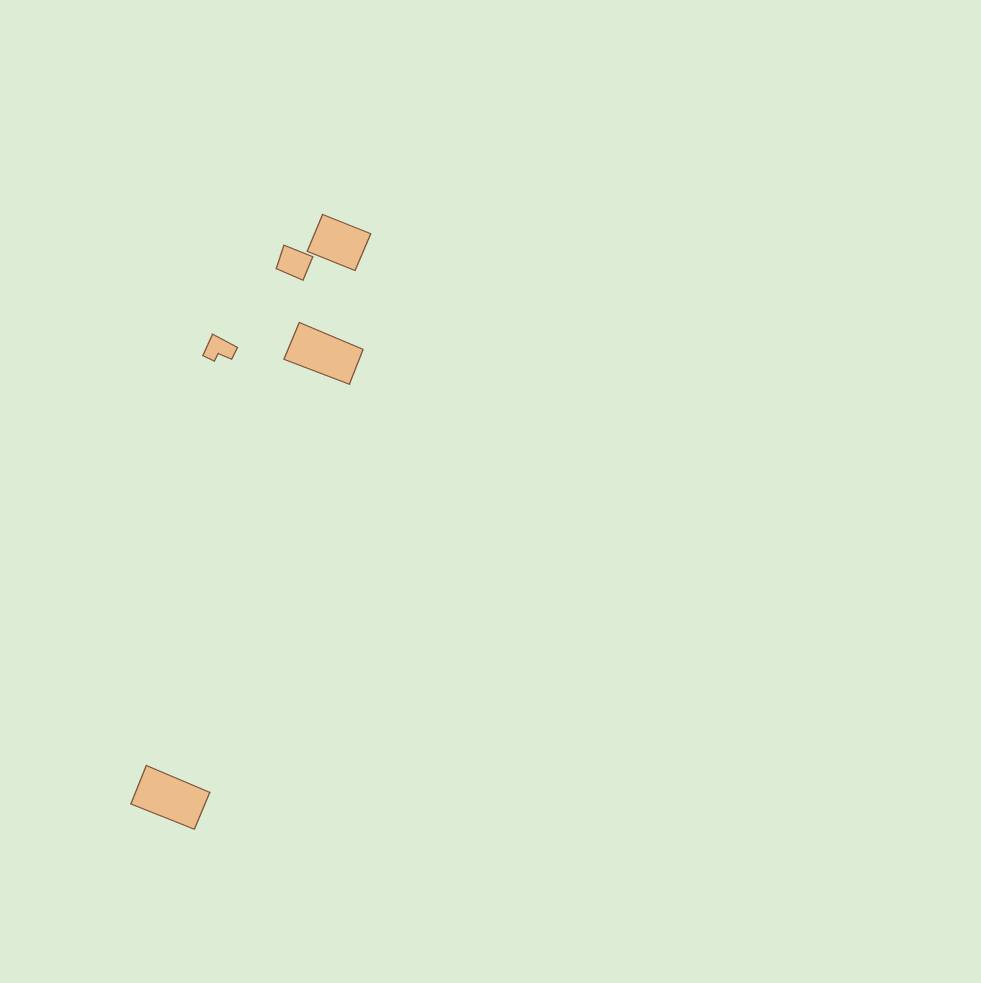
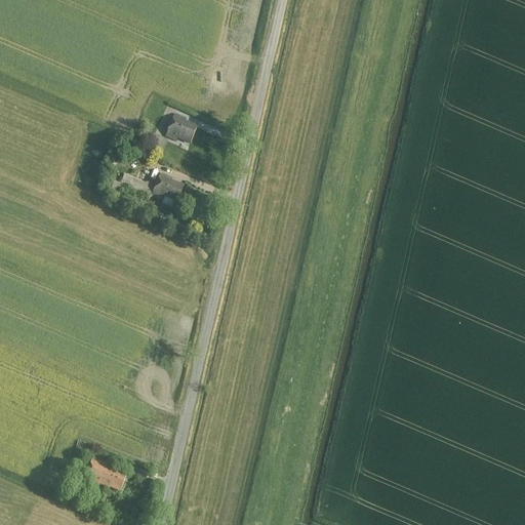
building: [131,765,210,829] -> [83,455,125,489]

